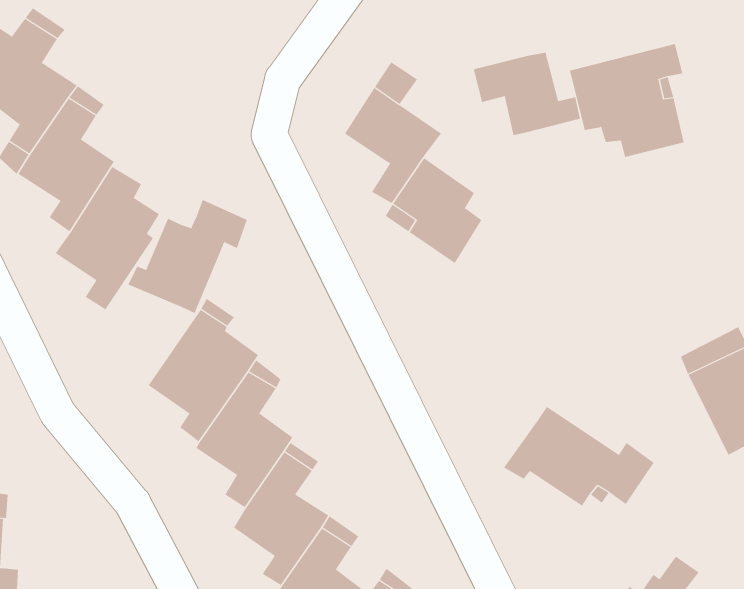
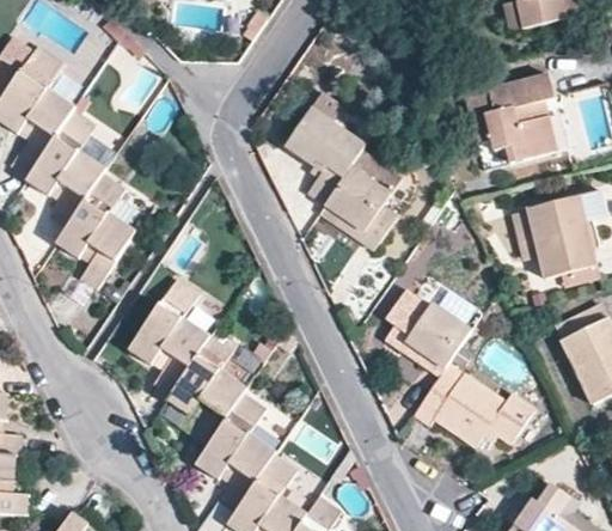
building: [473,52,580,136] -> none
building: none -> [528,197,595,279]
building: [127,199,248,314] -> none
building: none -> [386,288,472,374]

